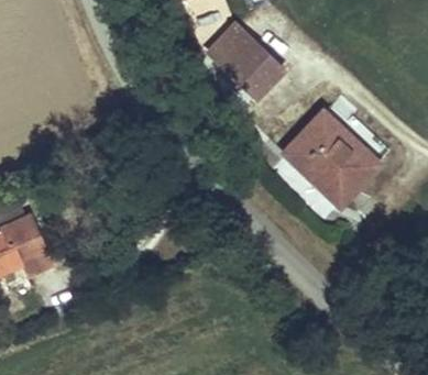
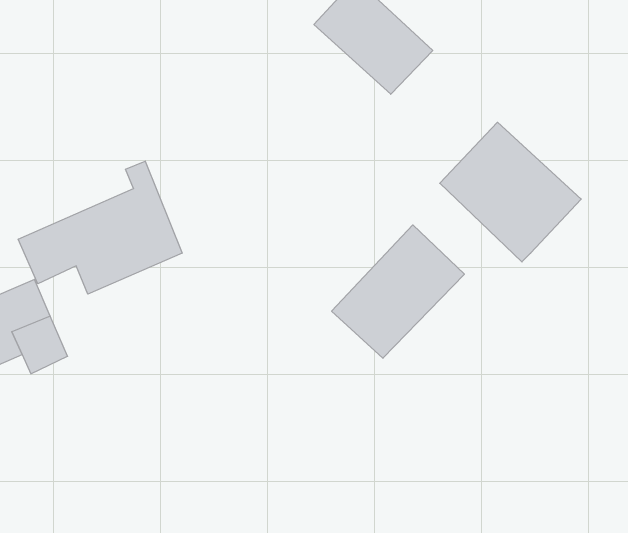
building: none -> [18,161,182,294]
building: none -> [332,225,464,358]

